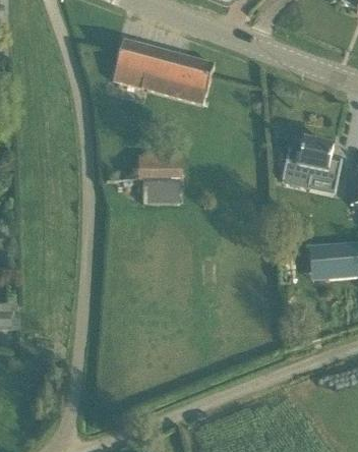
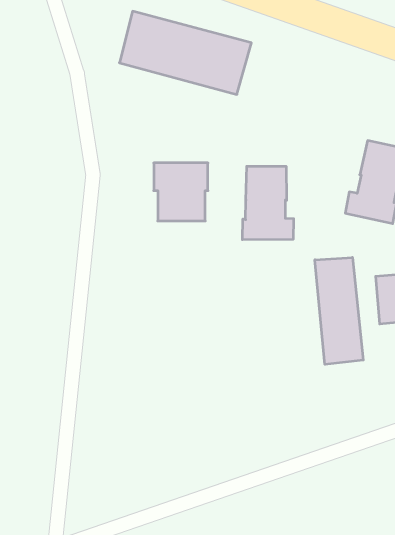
building: none -> [242,166,294,240]
building: none -> [315,257,363,364]

